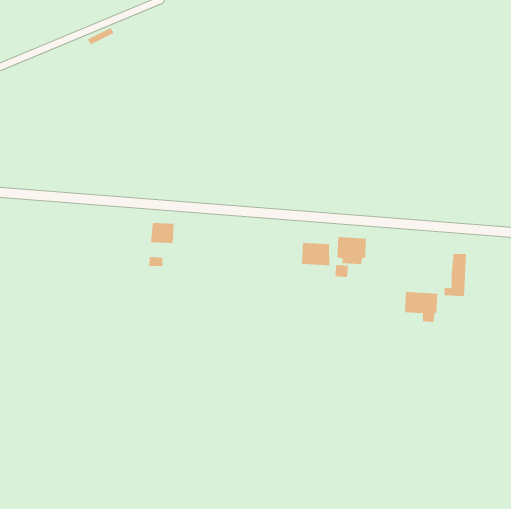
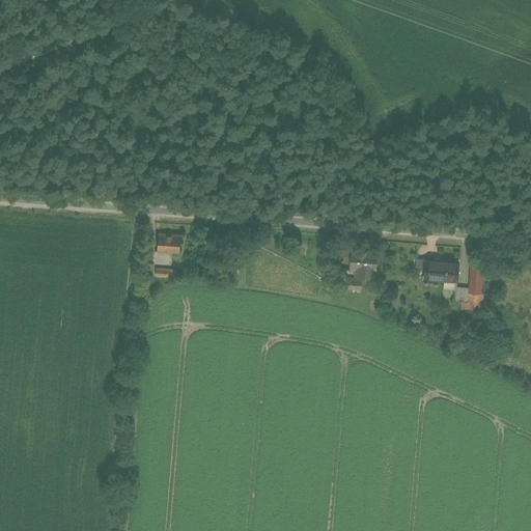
building: [302,242,330,266] -> none
building: [404,291,438,322] -> [423,257,458,289]

